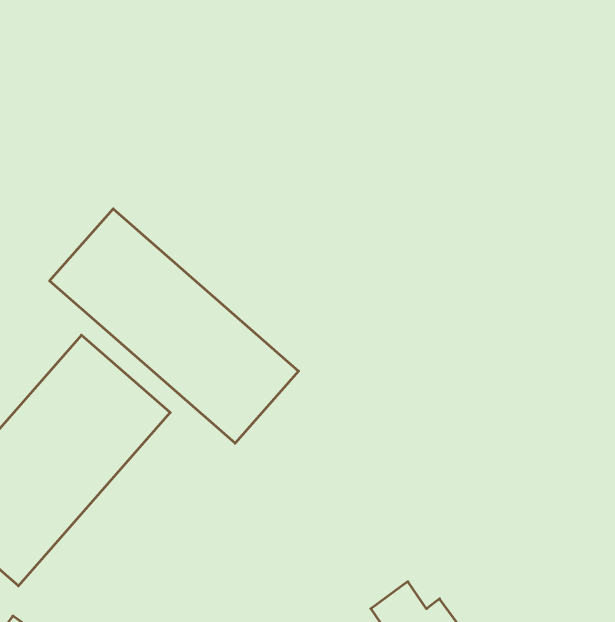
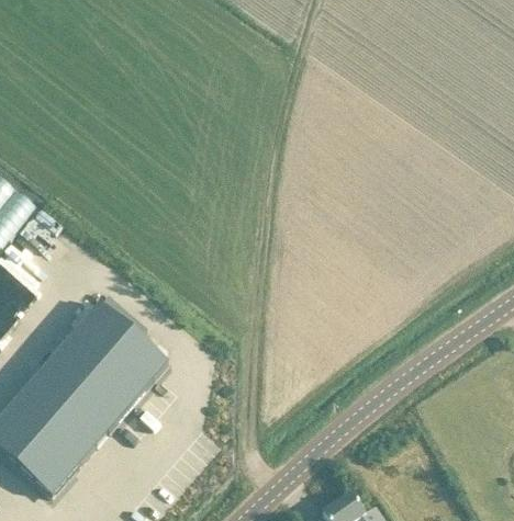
building: [50,209,299,443] -> none

